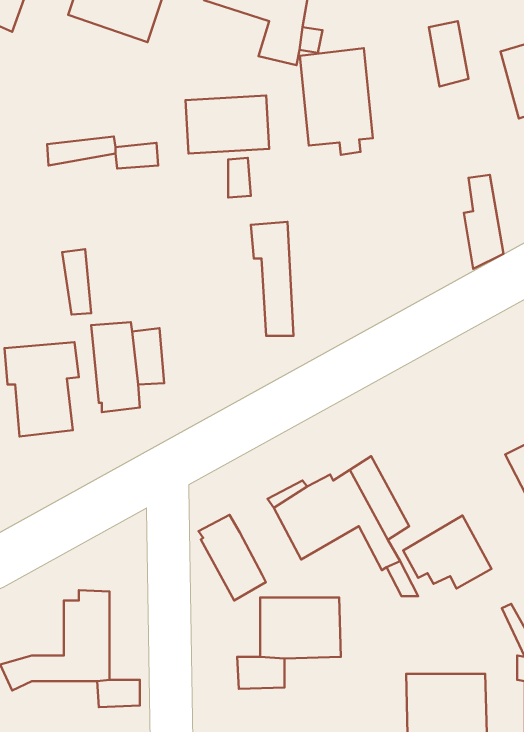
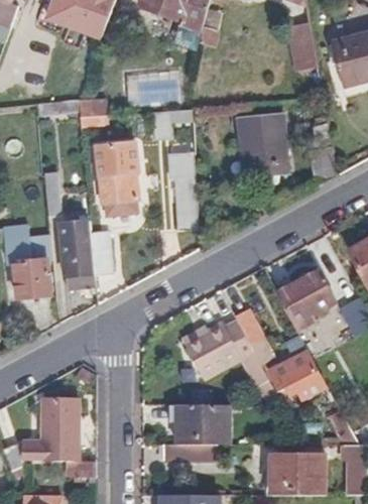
building: [300,48,373,155] -> [237,112,285,182]
building: none -> [95,146,139,215]
building: none -> [277,271,333,330]
building: [198,515,266,600] -> none

